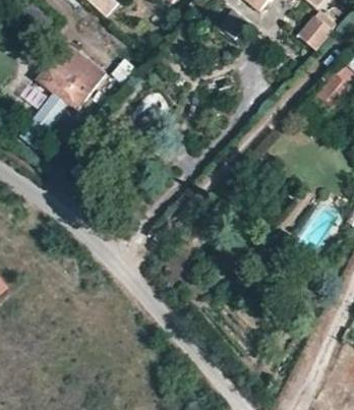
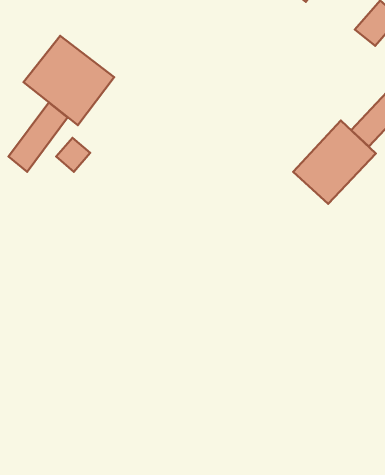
building: none -> [293,120,376,204]

